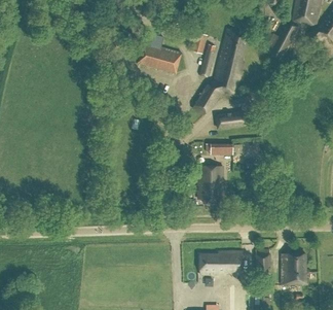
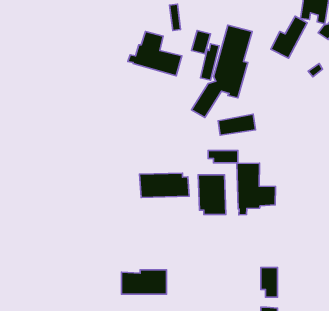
building: none -> [237,163,275,215]
building: none -> [140,173,189,197]
building: [200,251,243,274] -> [122,270,167,294]
building: [283,252,308,284] -> none

